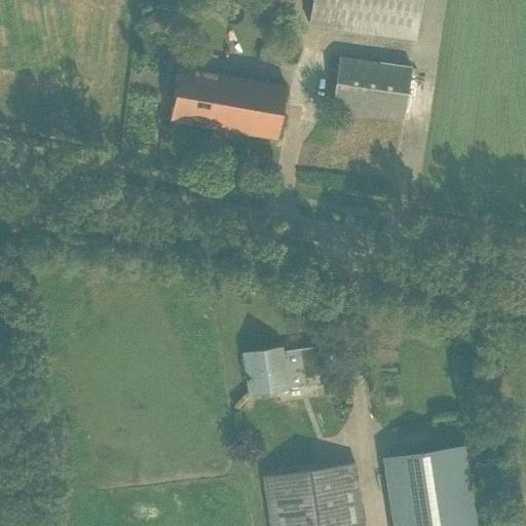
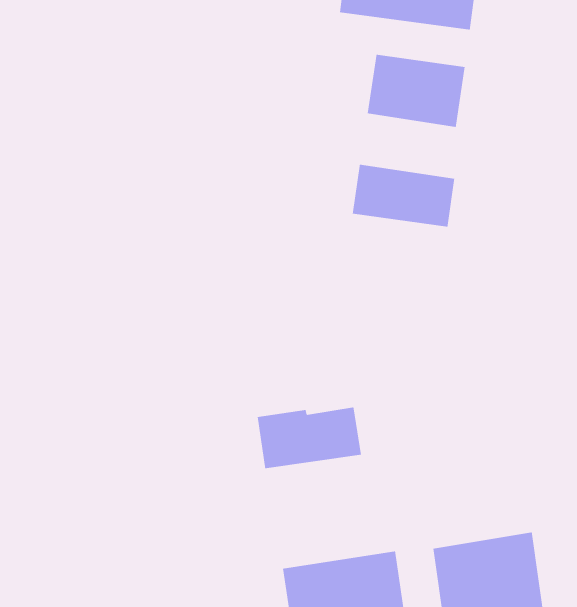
building: [170,68,287,139] -> none
building: none -> [352,164,455,227]

